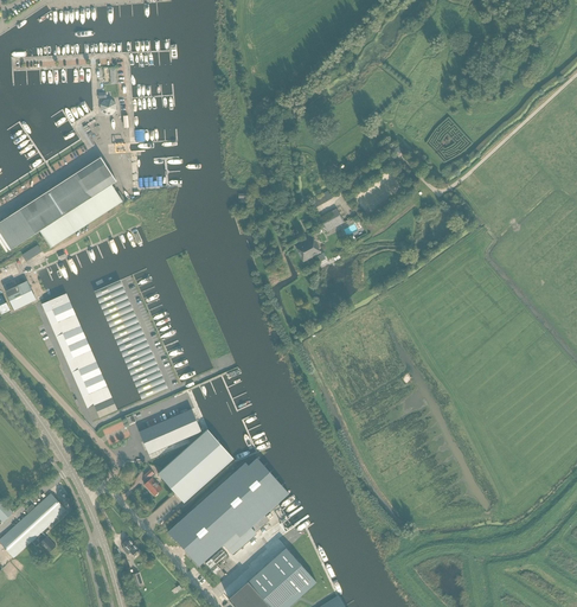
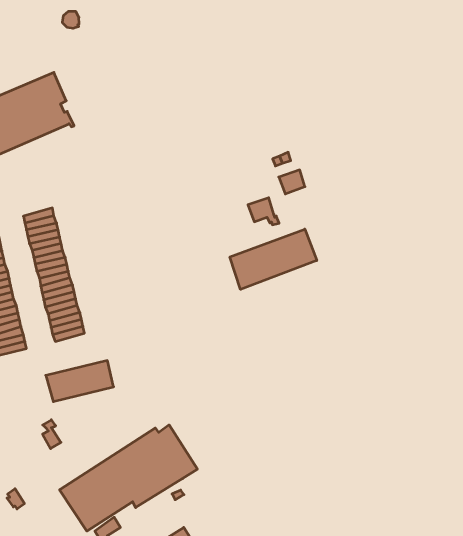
building: none -> [230,229,317,289]
building: [156,429,232,503] -> none

